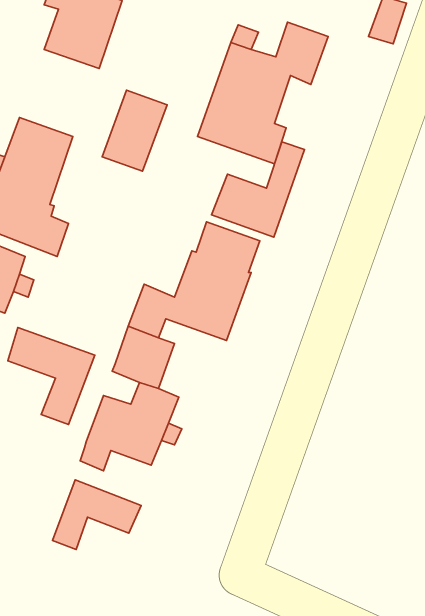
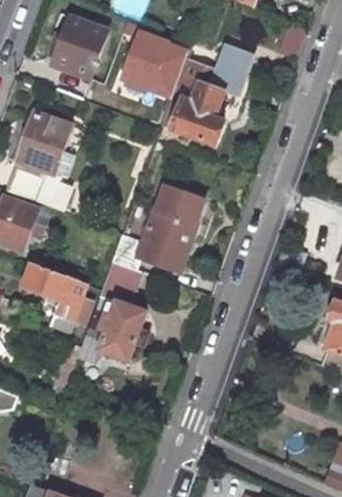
building: [102,90,167,171] -> [128,33,175,90]
building: [211,142,304,237] -> none
building: [52,480,141,549] -> none

